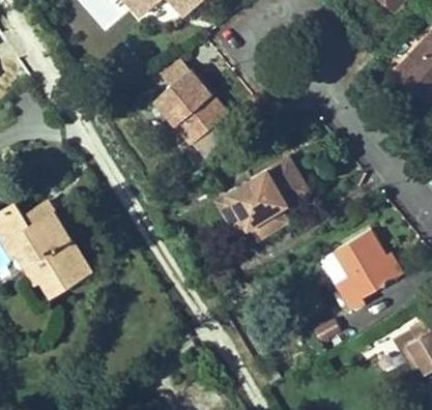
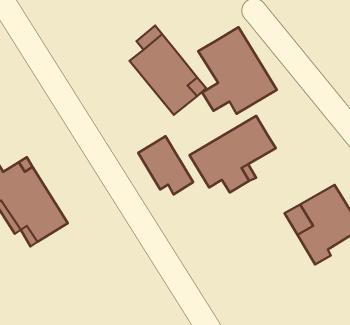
building: none -> [198,27,277,114]
building: none -> [138,136,193,194]

